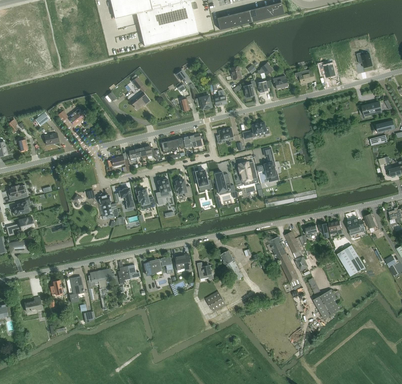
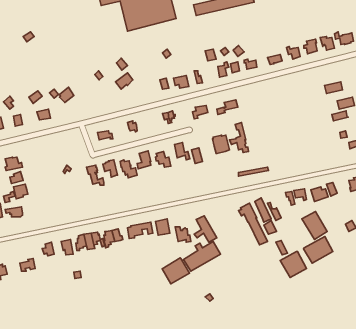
building: none -> [304,236,333,263]
building: none -> [162,258,189,284]

